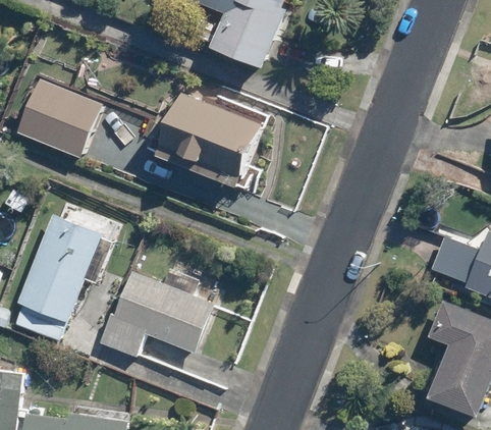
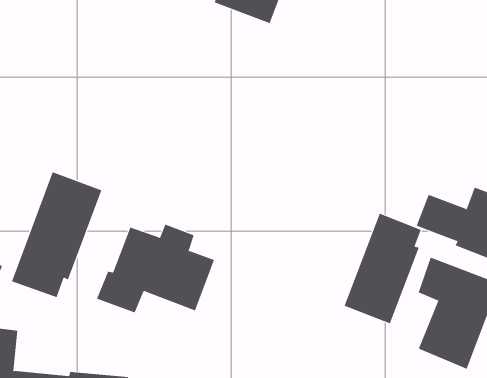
building: [15,78,100,156] -> none
building: [158,91,266,186] -> none
building: none -> [344,213,422,324]

